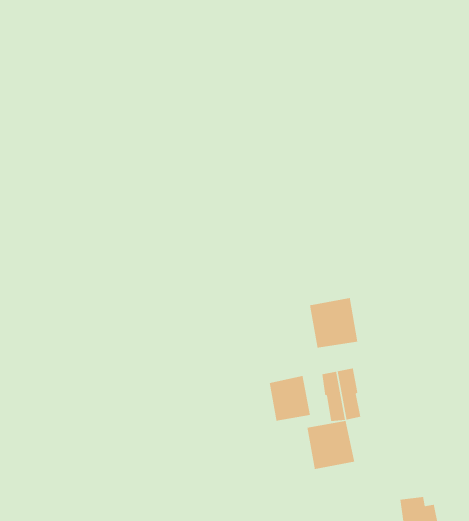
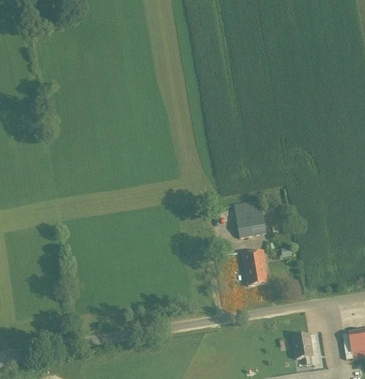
building: [269,375,311,422] -> none
building: [307,420,355,470] -> none

